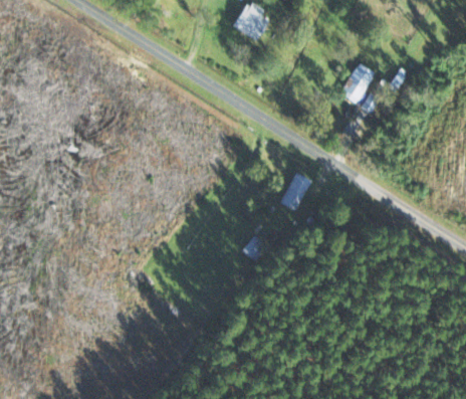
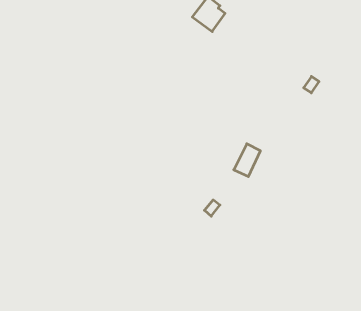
building: [338,63,374,105] -> none

